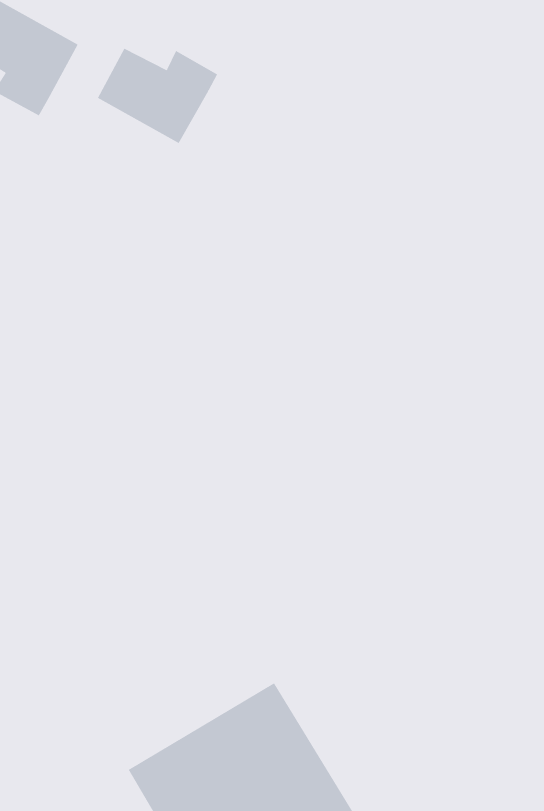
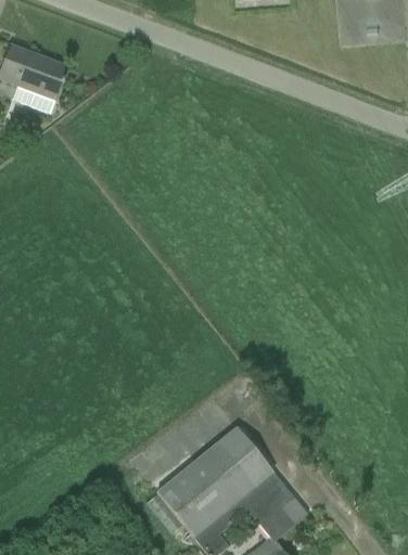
building: [97,48,218,144] -> none

